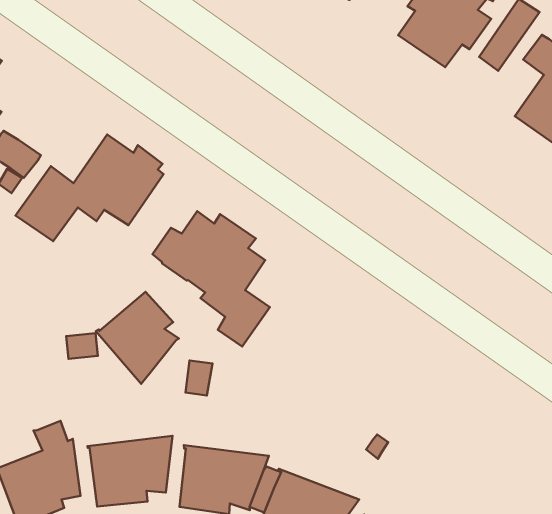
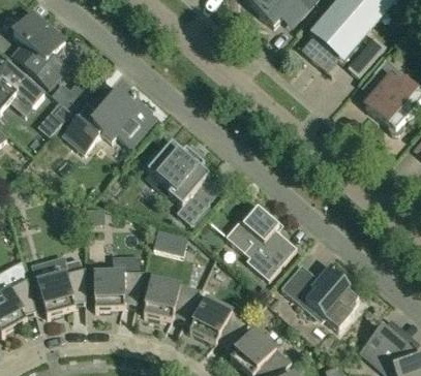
building: [96,292,179,384] -> none
building: none -> [224,206,296,279]
building: none -> [280,262,358,328]

